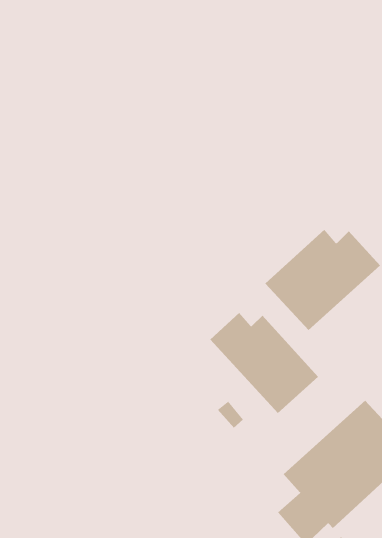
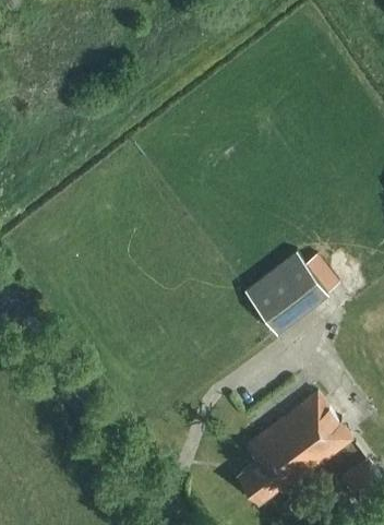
building: [209,312,319,414] -> none

